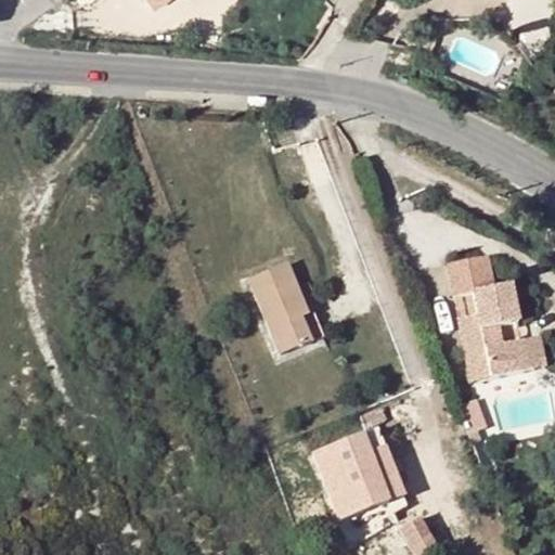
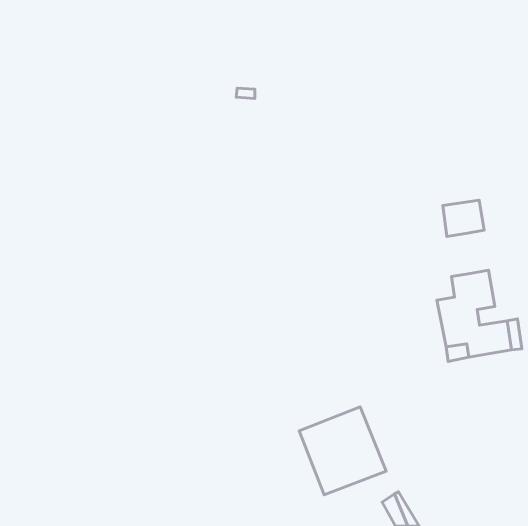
building: [449,255,492,293] -> [443,200,484,237]
building: [249,261,324,352] -> none

